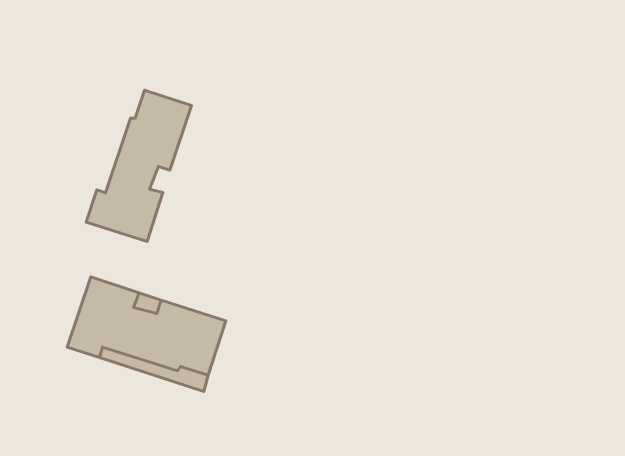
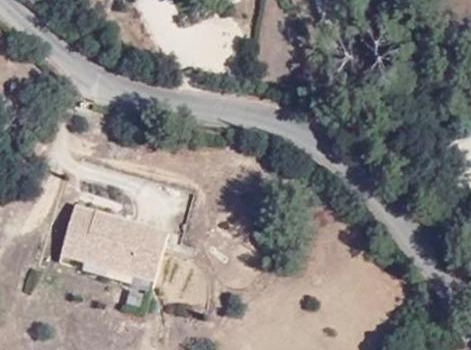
building: [86,90,191,241] -> none

